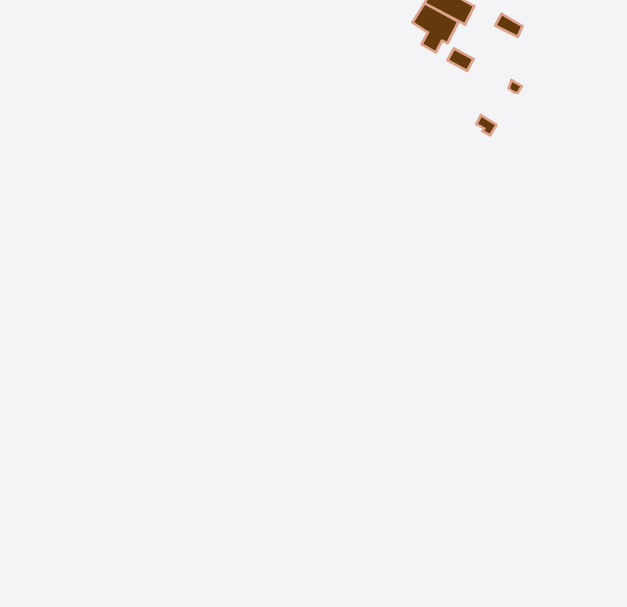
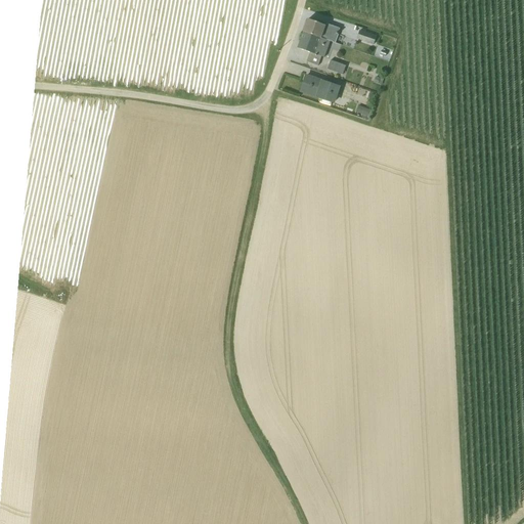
building: none -> [300,75,339,105]

